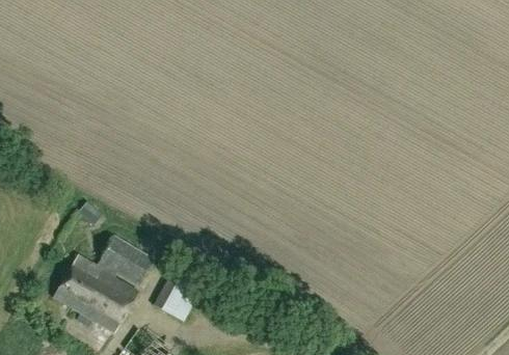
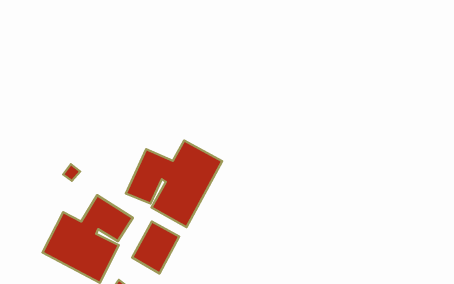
building: none -> [126,140,222,227]

